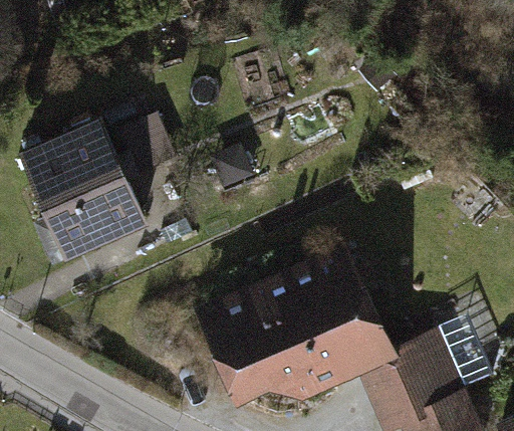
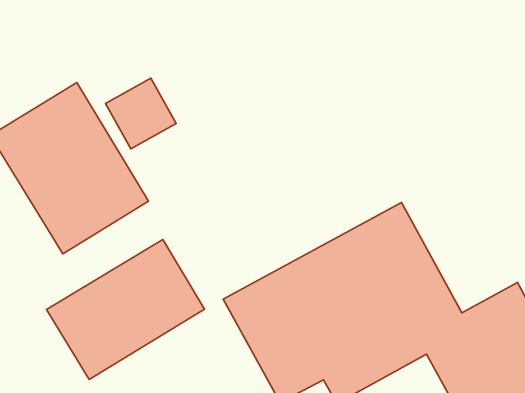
building: none -> [47,240,205,379]

